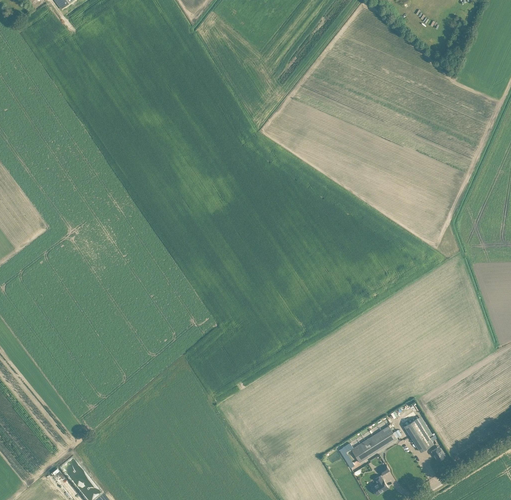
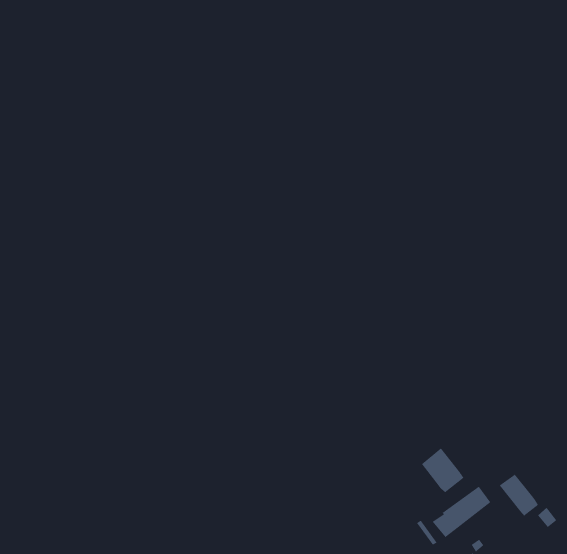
building: none -> [421,448,464,493]

